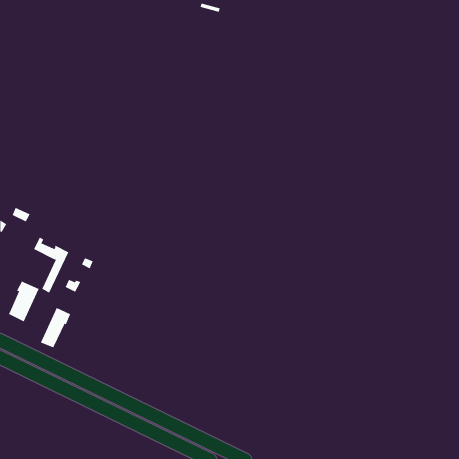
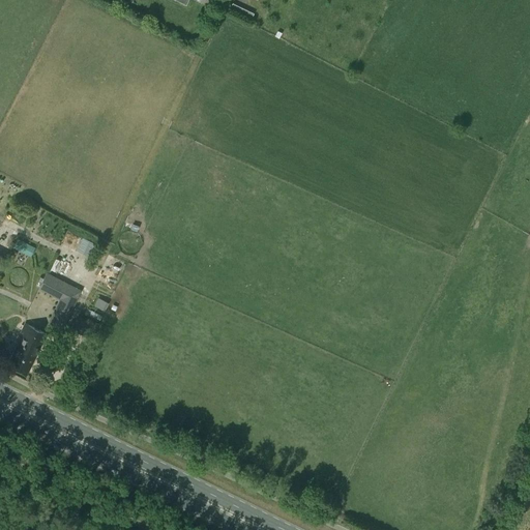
building: [40,307,71,348] -> none

